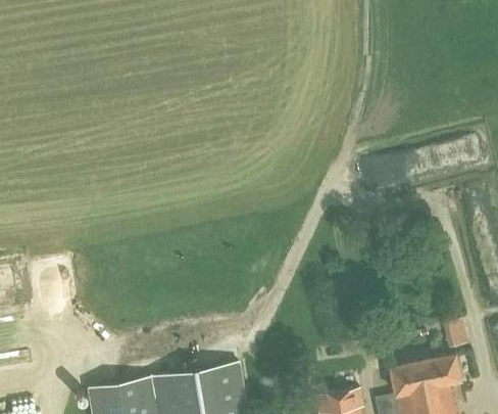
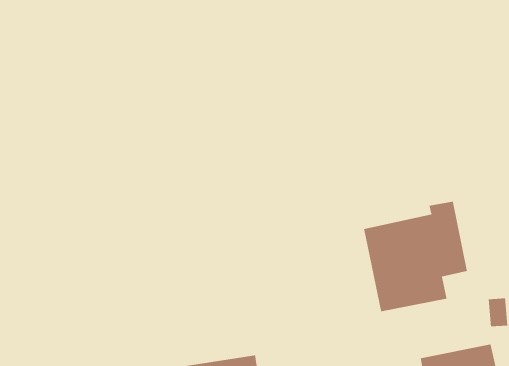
building: none -> [363,201,468,312]

